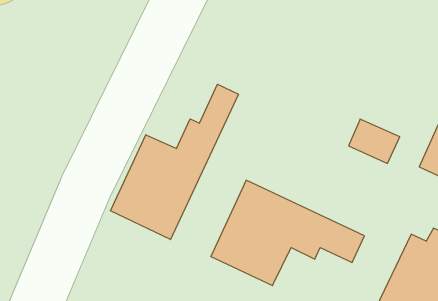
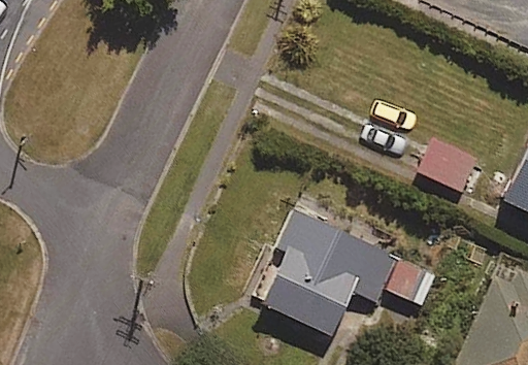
building: [110,84,239,240] -> none

